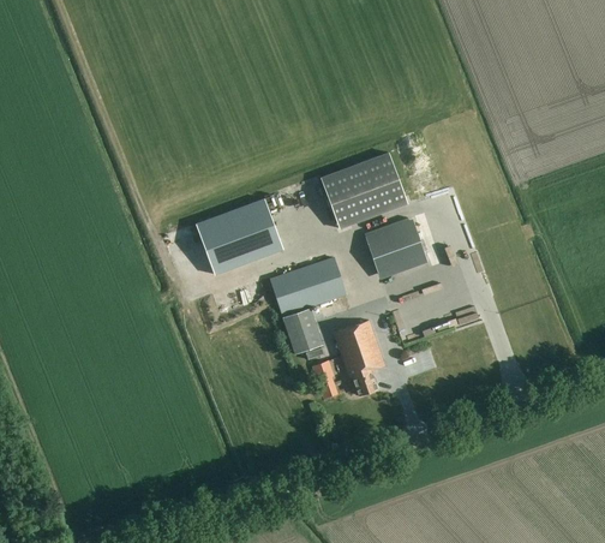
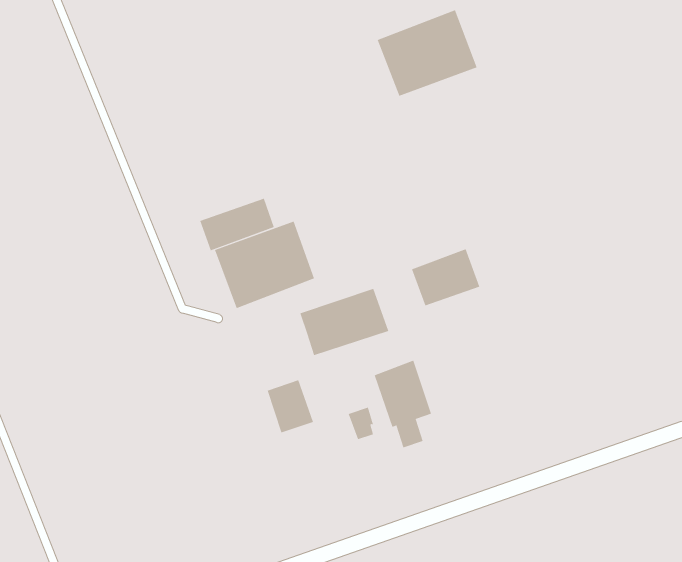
building: [319,151,407,227] -> [377,10,477,96]
building: none -> [200,198,274,251]
building: [282,308,323,354] -> [267,379,314,433]

